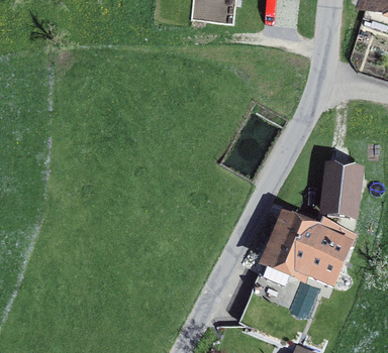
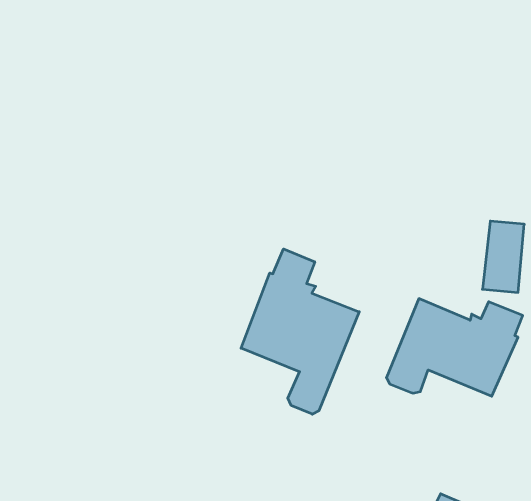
building: none -> [241,249,359,414]

